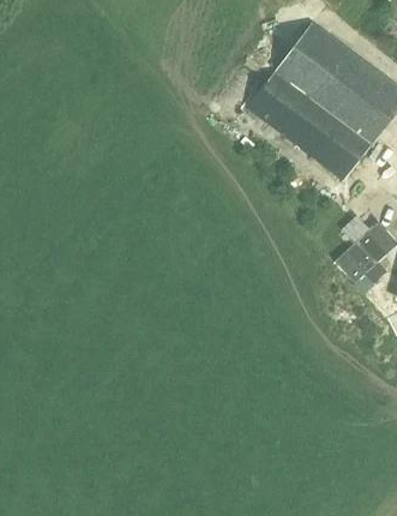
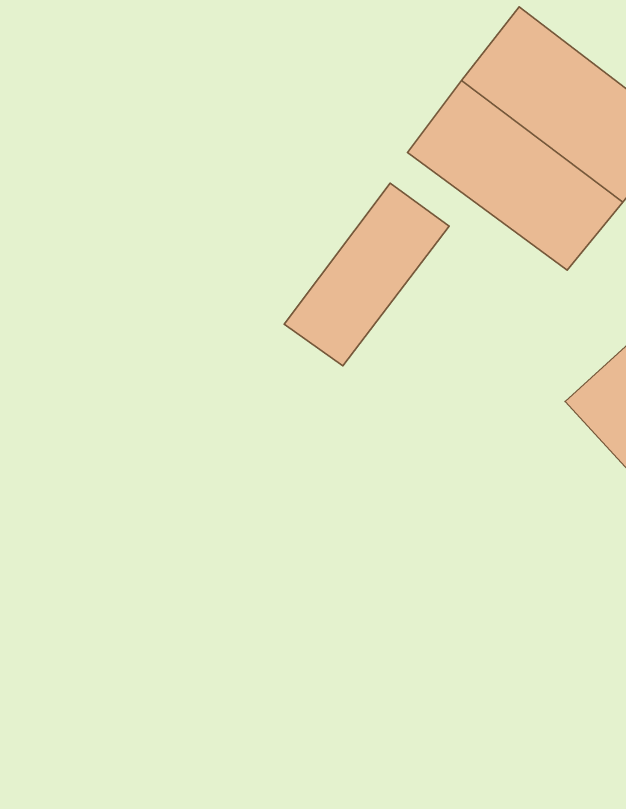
building: none -> [284,183,449,366]

